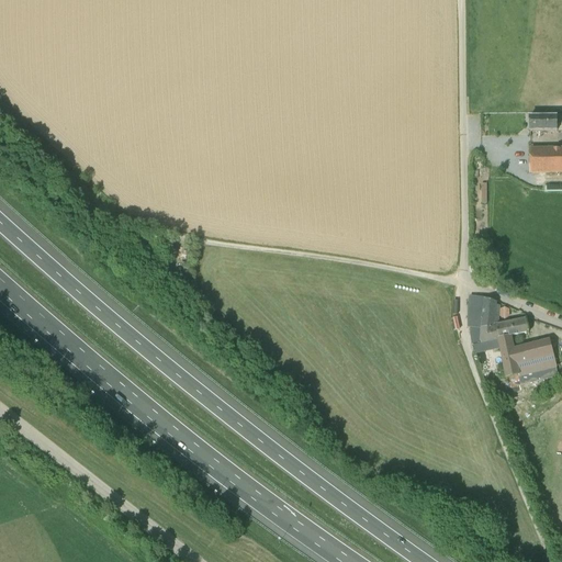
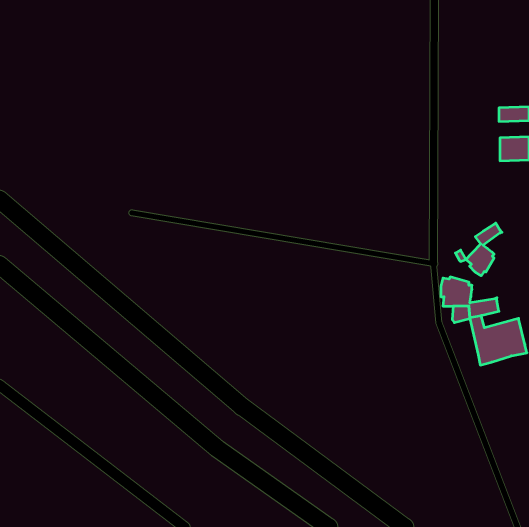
building: none -> [466,223,502,276]

